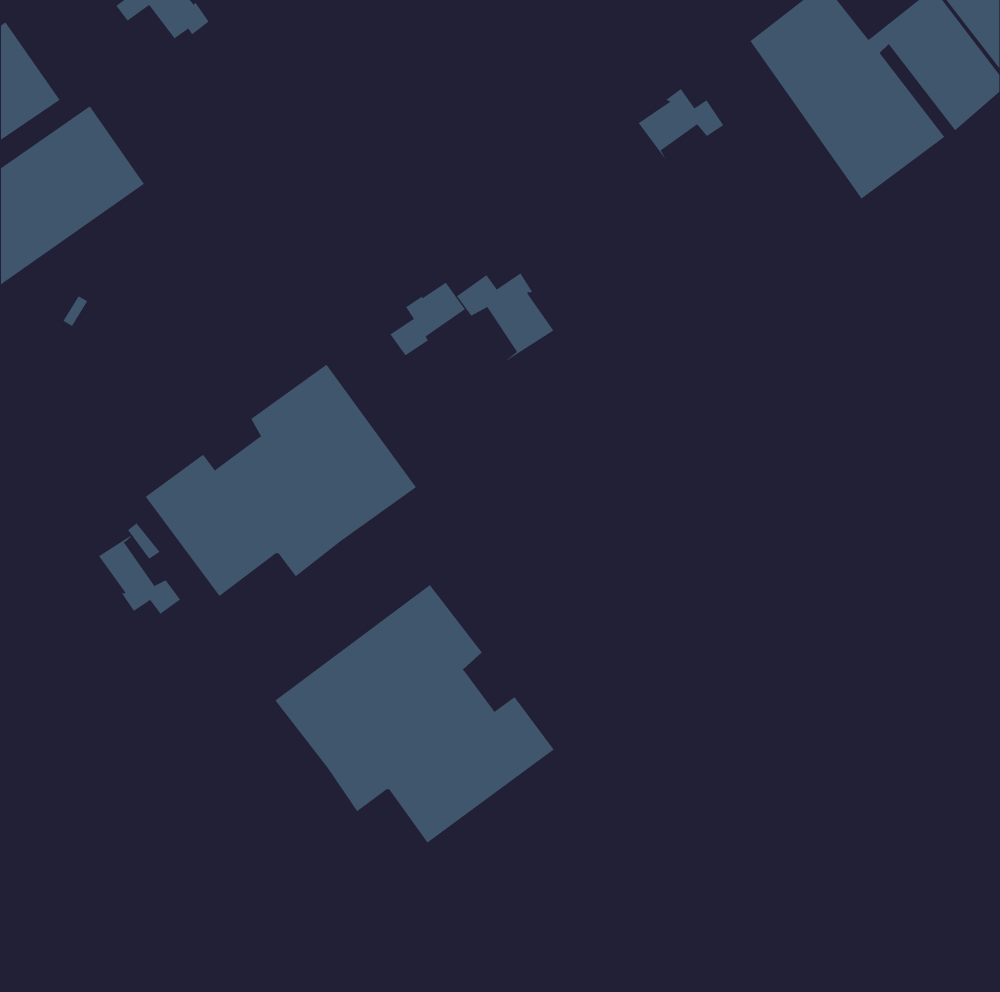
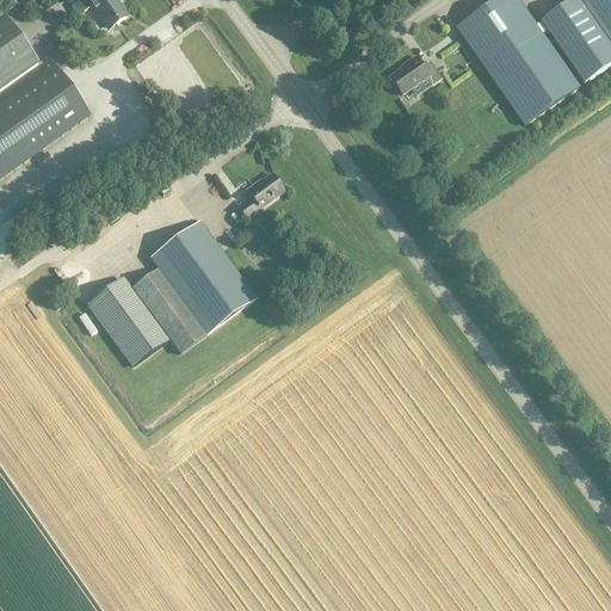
building: [456,271,554,361] -> none
building: [98,536,181,617] -> none
building: [275,584,555,843] -> none

